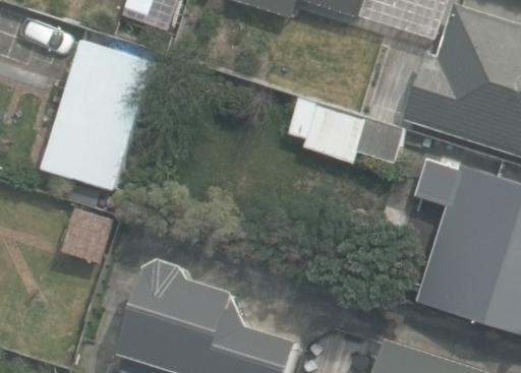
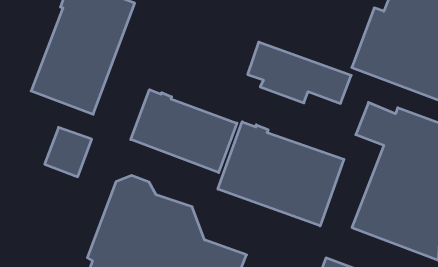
building: none -> [131,90,237,173]
building: none -> [218,122,344,226]

